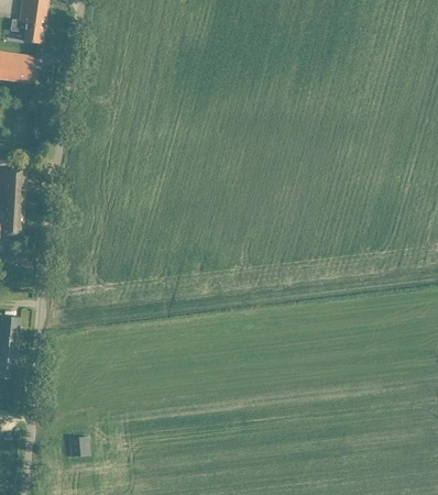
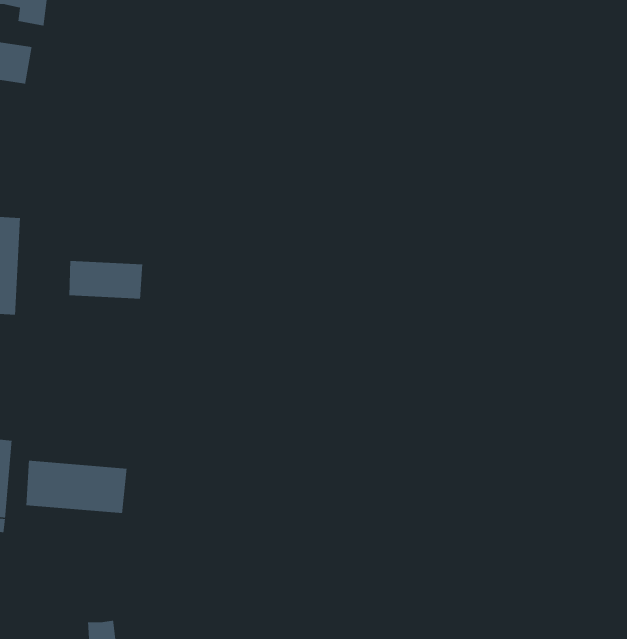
building: none -> [69,260,143,299]
building: none -> [26,460,127,514]

